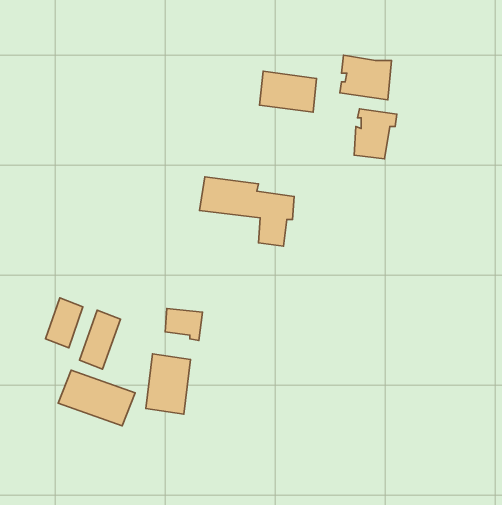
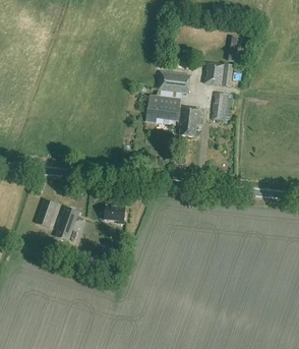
building: [200,177,294,246] -> [146,98,200,137]
building: [146,354,191,414] -> none
building: [58,370,135,426] -> none

